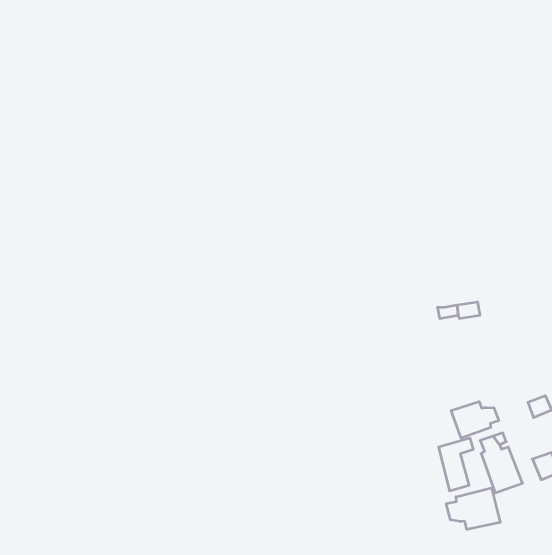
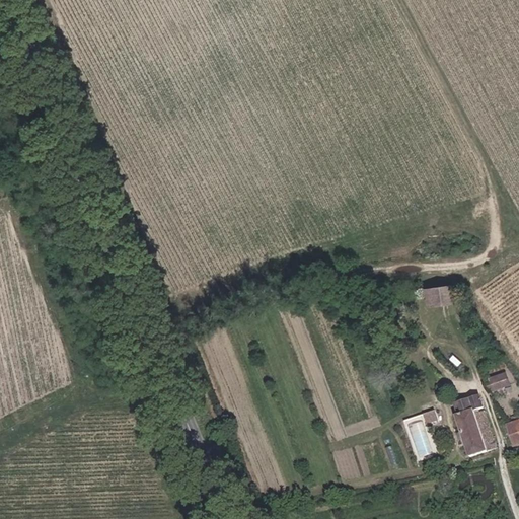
building: [451,402,499,438] -> none
building: [446,488,500,529] -> none

